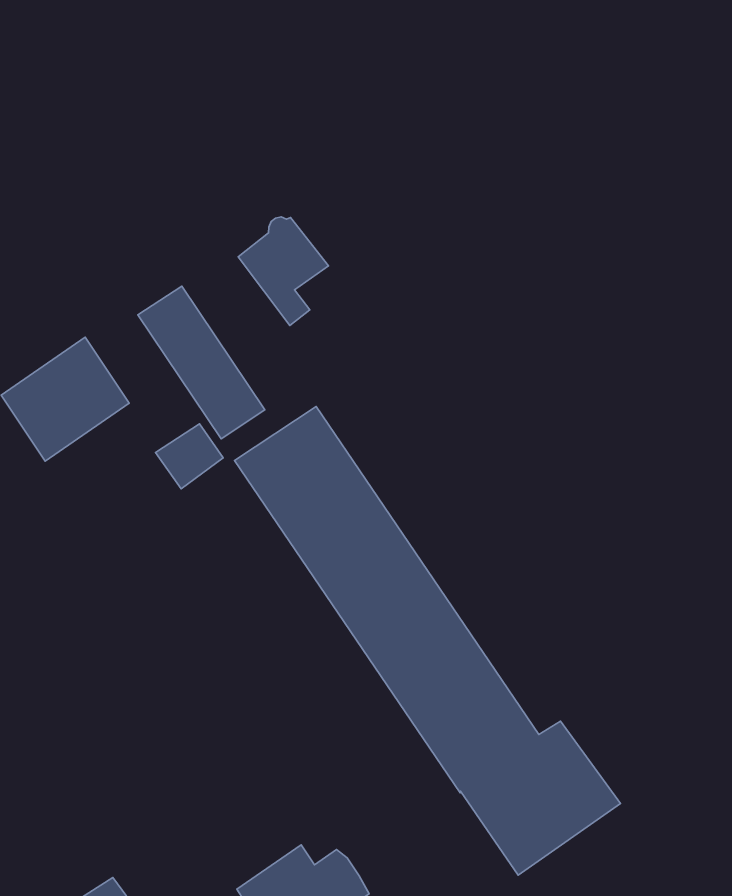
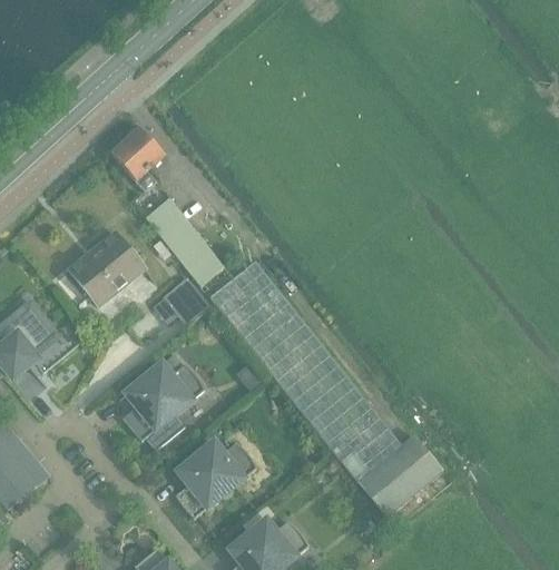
building: [238,217,328,325] -> [110,127,164,190]
building: none -> [122,352,203,449]
building: none -> [174,441,255,518]

